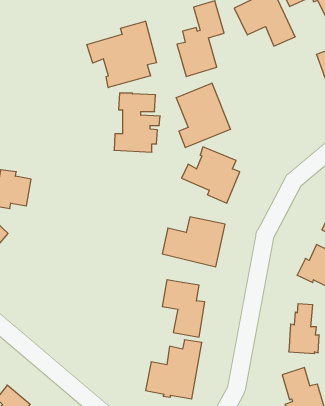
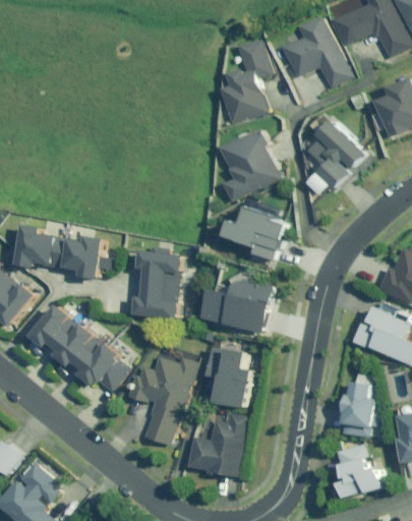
building: [87,21,157,88] -> none
building: none -> [300,113,365,191]
building: [114,93,160,152] -> [133,251,184,316]
building: none -> [65,236,103,279]
building: none -> [31,303,128,393]
building: none -> [125,354,193,445]

